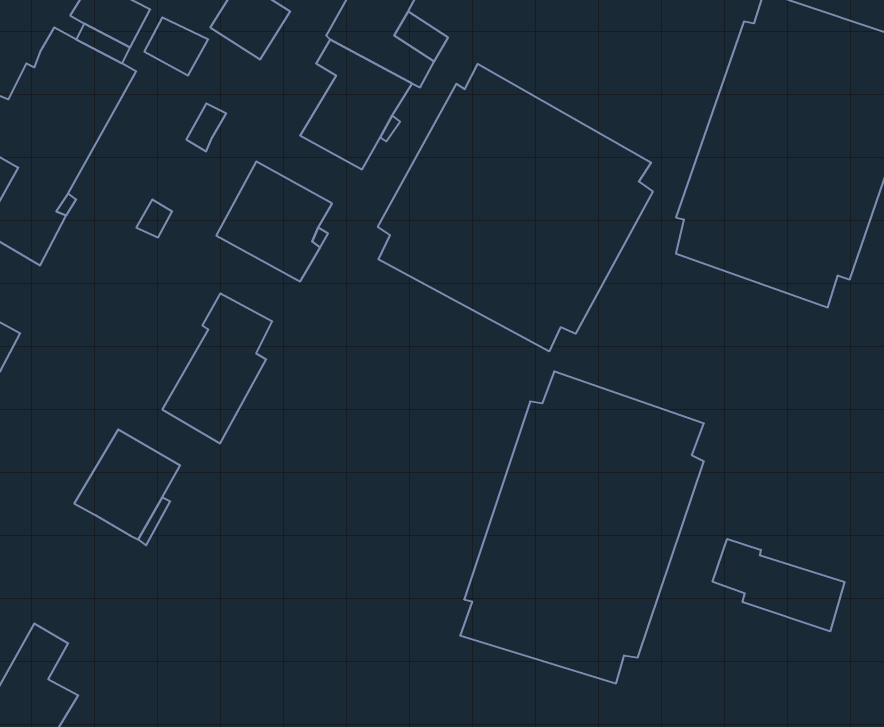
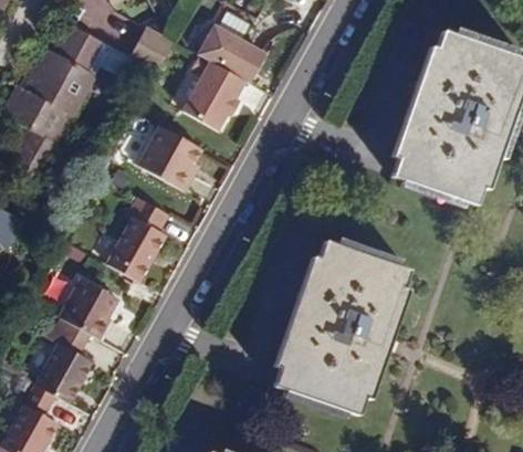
building: [378,64,653,351] -> none
building: none -> [38,320,95,400]
building: [713,539,845,631] -> none

